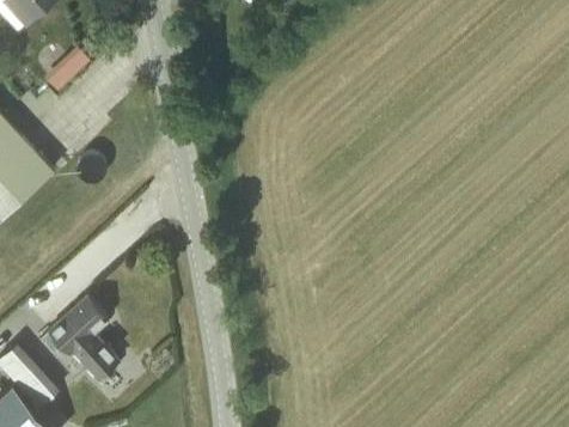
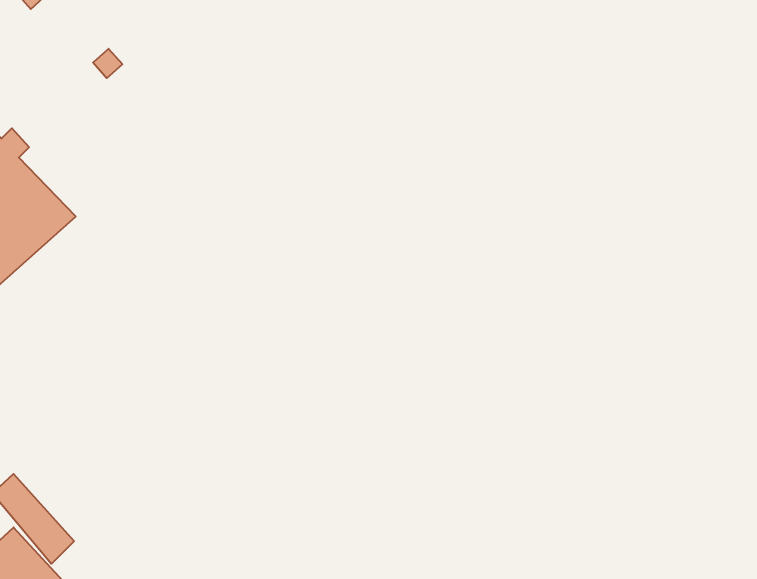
building: [39,295,116,378] -> none

